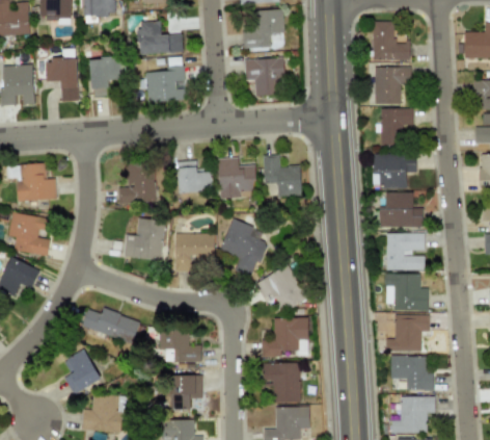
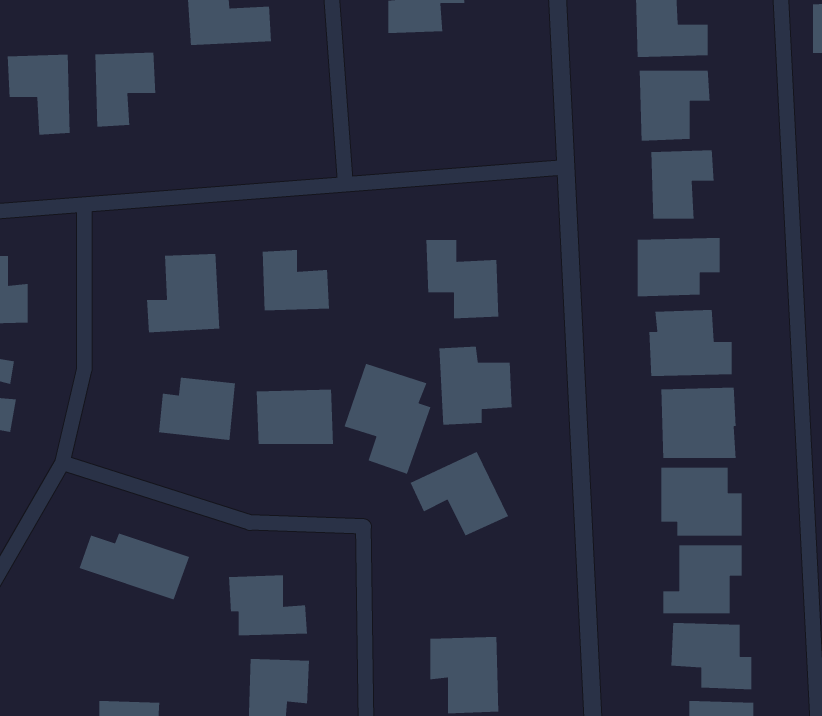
building: [244,57,283,95] -> none
building: [146,66,185,101] -> none
building: [218,157,256,199] -> [439,346,512,426]
building: [262,317,308,356] -> none
building: [63,348,102,394] -> none

